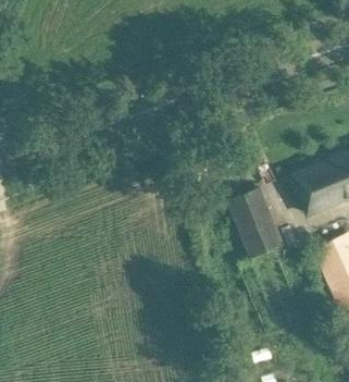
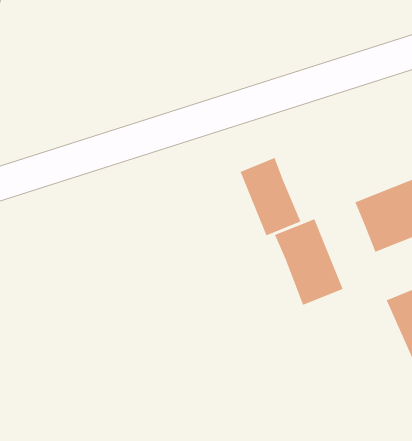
building: none -> [240,157,301,236]

